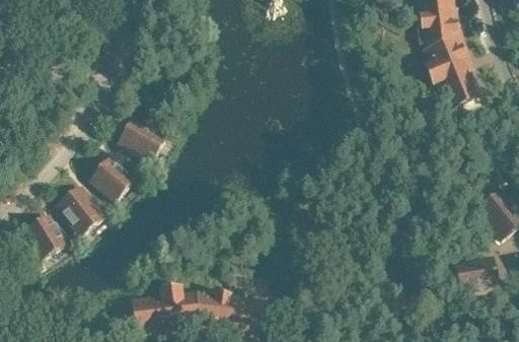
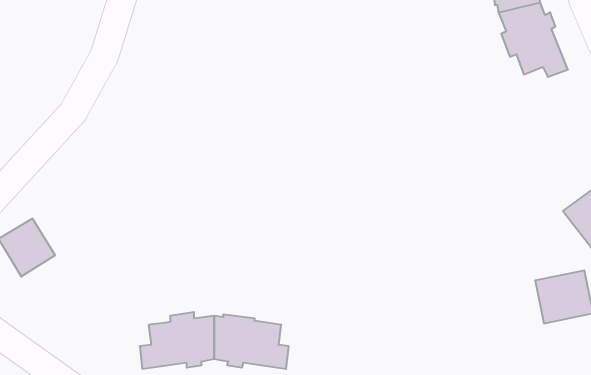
building: [117,113,168,163] -> none
building: [88,155,135,201] -> none
building: [55,184,106,235] -> none

